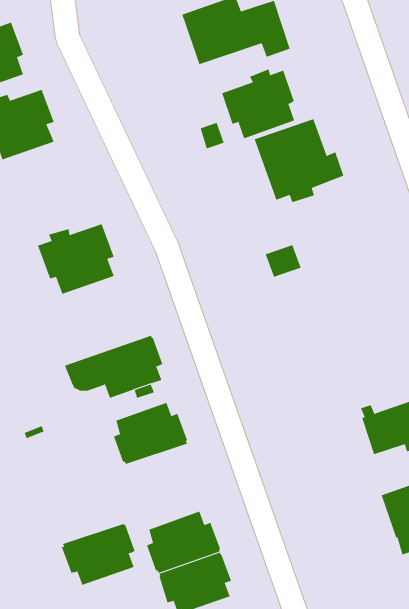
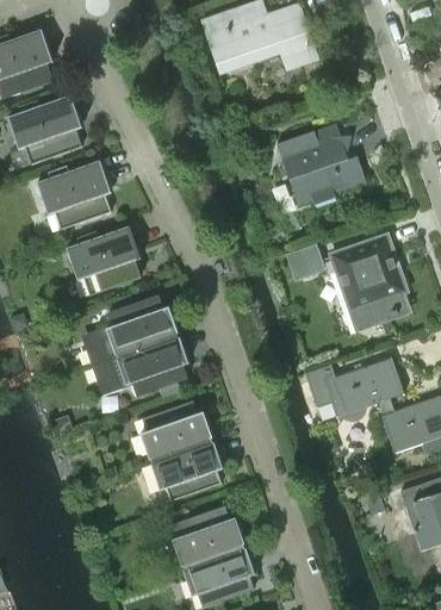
building: [221,68,295,139] -> none
building: none -> [37,161,111,230]
building: none -> [333,237,406,326]
building: none -> [86,295,178,365]
building: none -> [305,356,404,421]
building: [61,523,136,585] -> [150,441,223,502]

